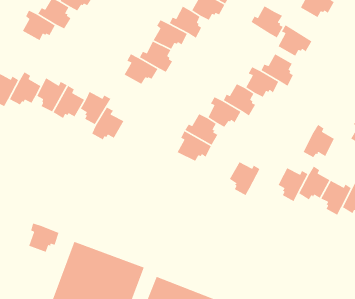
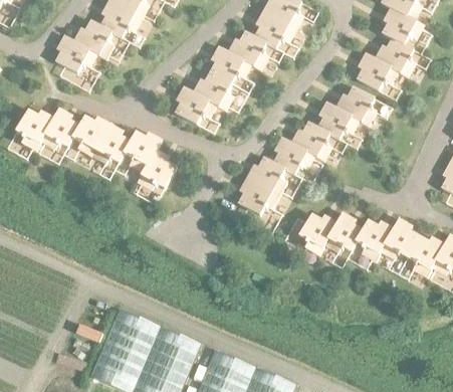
building: [251,5,284,38] -> [375,39,414,78]
building: [302,124,335,158] -> [323,213,362,253]
building: [28,223,60,253] -> none

